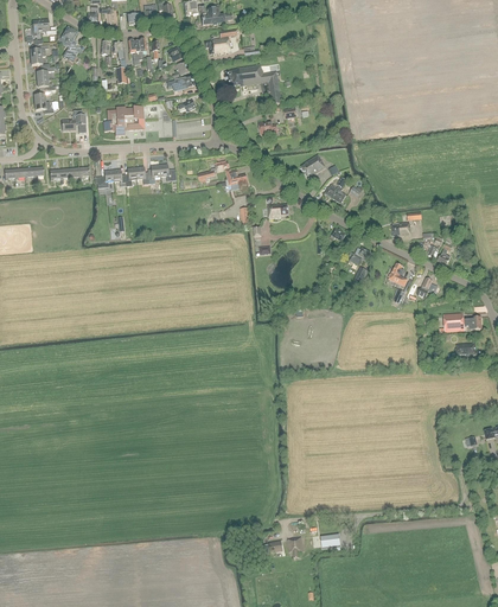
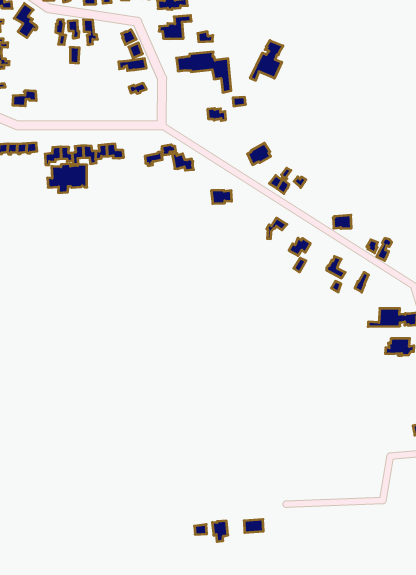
building: none -> [250,40,283,80]
building: [102,106,142,135] -> [47,164,87,193]

